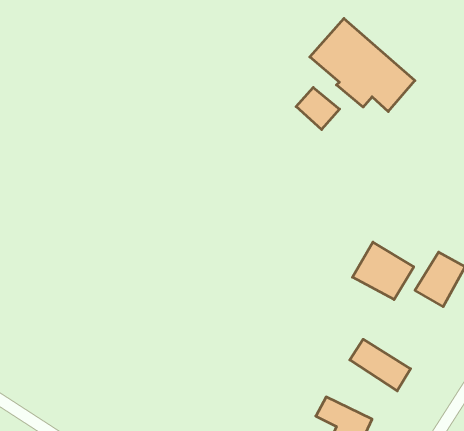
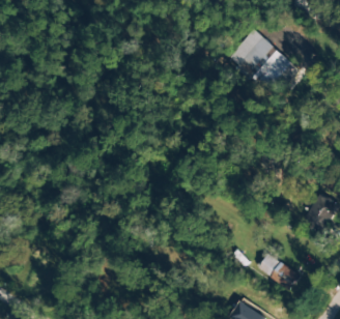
building: [296,87,340,130] -> none
building: [352,242,414,300] -> none

